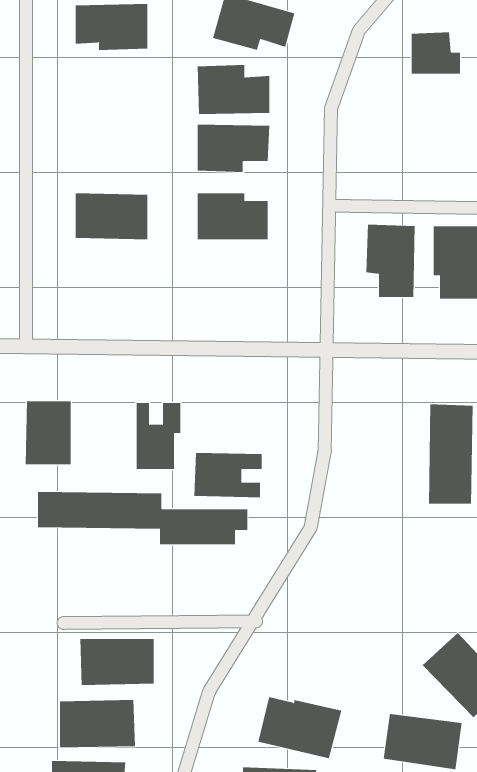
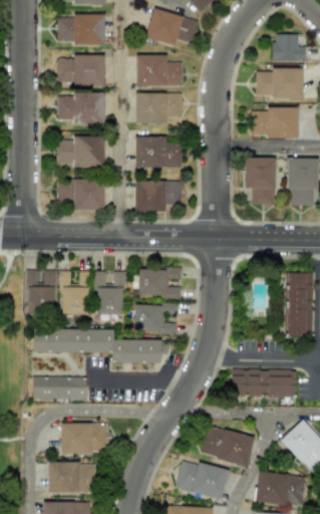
building: none -> [58,54,105,84]
building: none -> [257,68,304,97]
building: none -> [58,91,105,123]
building: none -> [252,106,299,138]
building: none -> [57,178,105,210]
building: none -> [135,181,183,211]
building: none -> [138,267,183,297]
building: none -> [61,271,89,313]
building: none -> [233,368,297,396]
building: none -> [34,375,87,400]
building: none -> [202,426,255,465]

